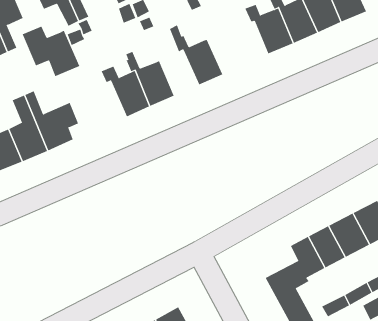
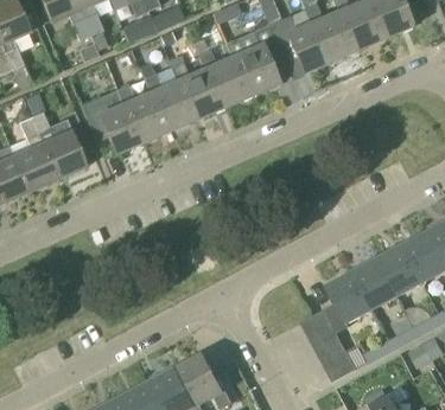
building: none -> [223,25,284,95]
building: [22,26,80,77] -> [78,97,144,154]
building: none -> [169,62,224,118]

